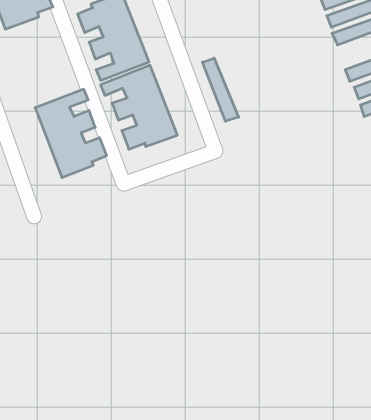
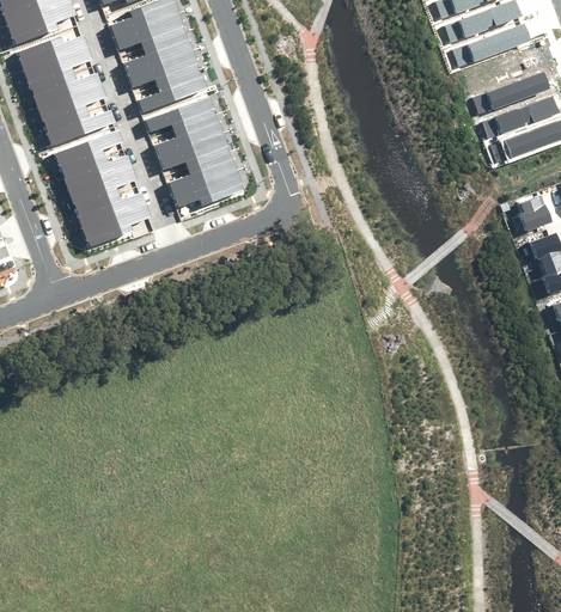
building: none -> [14,32,117,146]
building: [202,58,239,121] -> none

